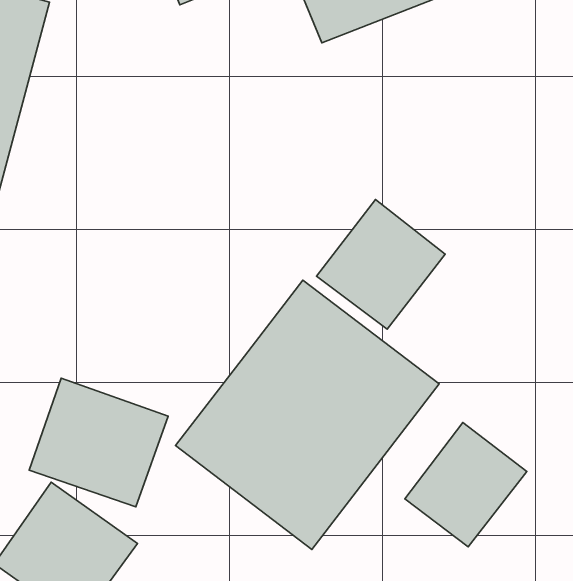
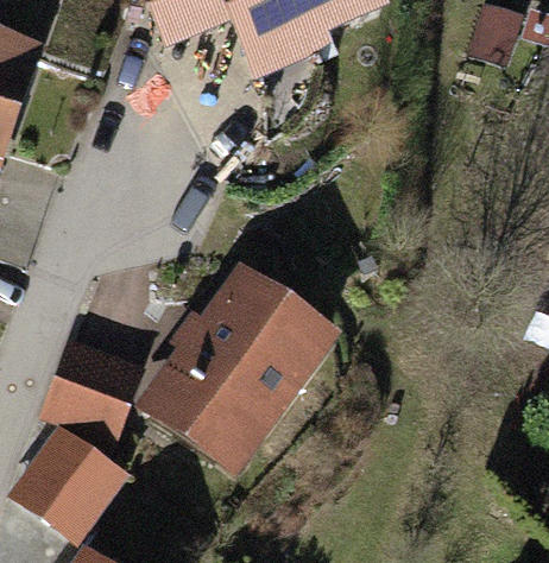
building: [317,200,445,329] -> none
building: [405,422,527,547] -> none

